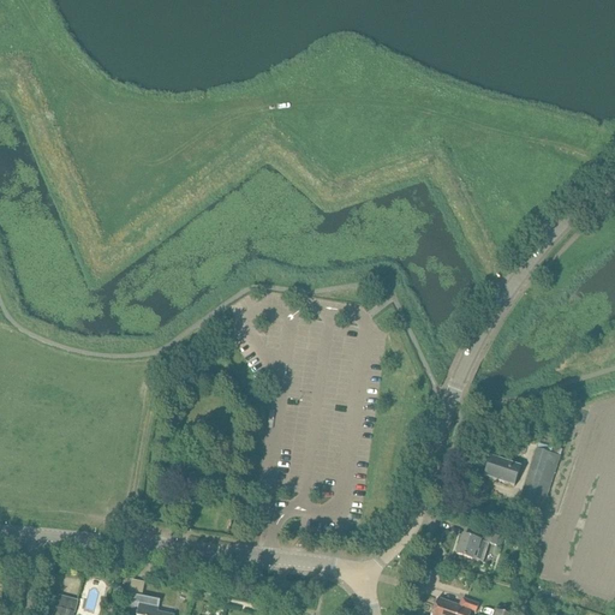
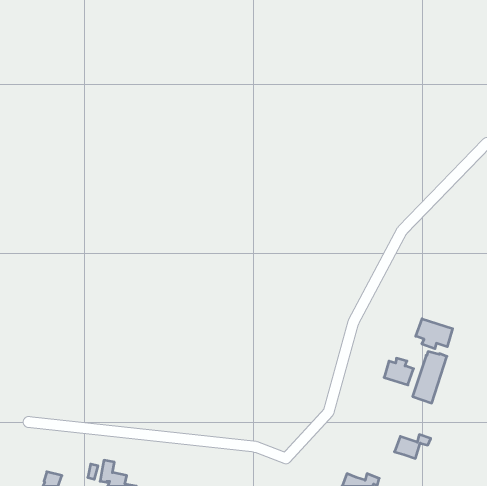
building: none -> [416,319,453,349]
building: [456,532,502,562] -> [394,435,431,458]

